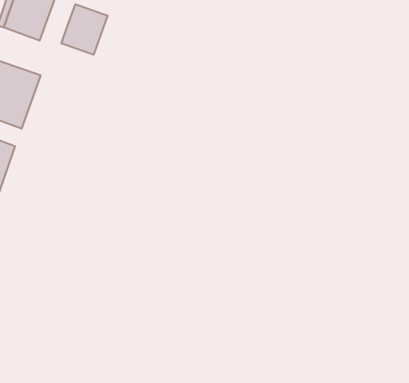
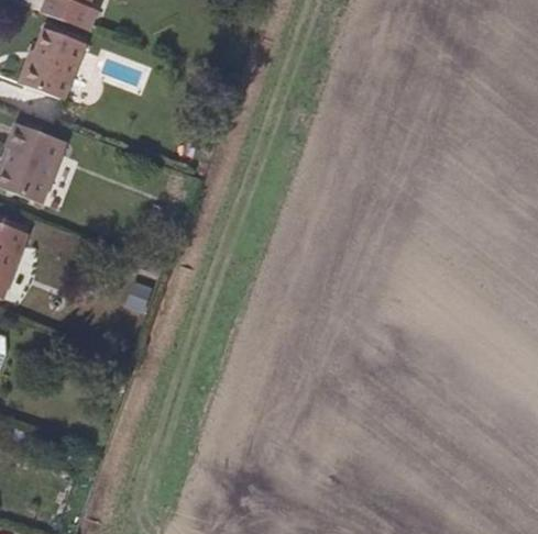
building: [61,4,108,55] -> none

